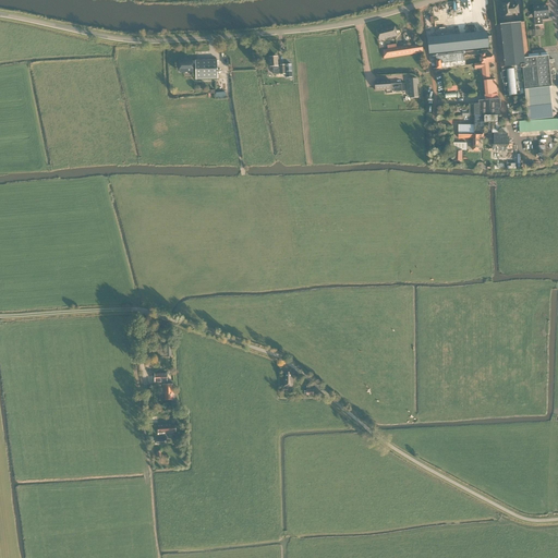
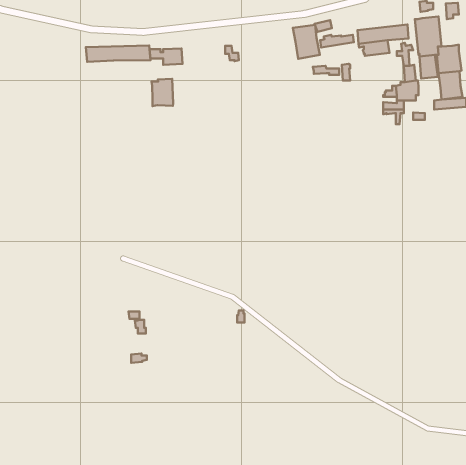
building: none -> [293,25,320,59]
building: none -> [86,45,150,62]
building: none -> [152,79,173,106]

